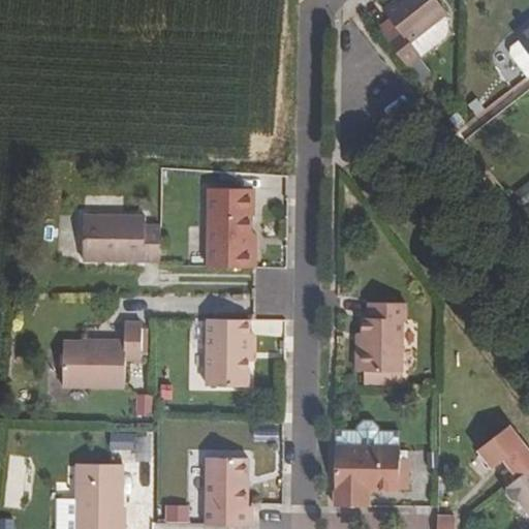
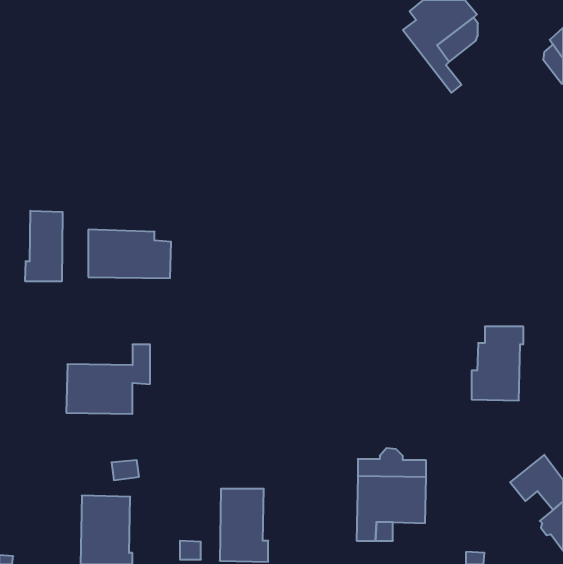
building: [208,186,255,268] -> none
building: none -> [25,211,63,281]
building: [356,303,405,372] -> [472,327,523,400]
building: [206,318,249,386] -> none

